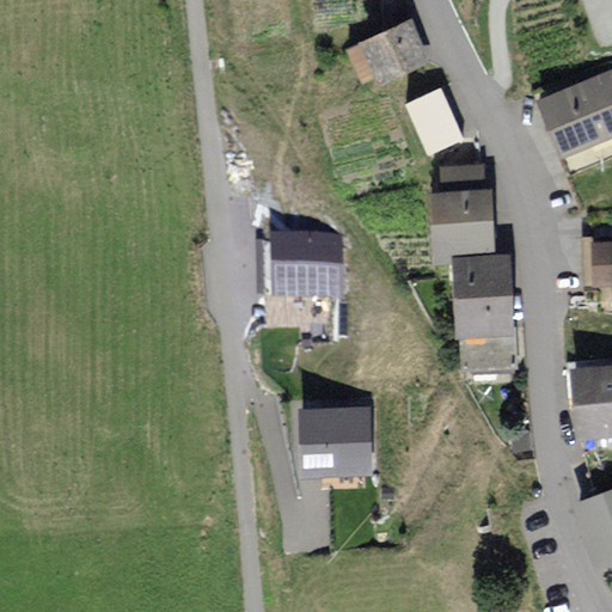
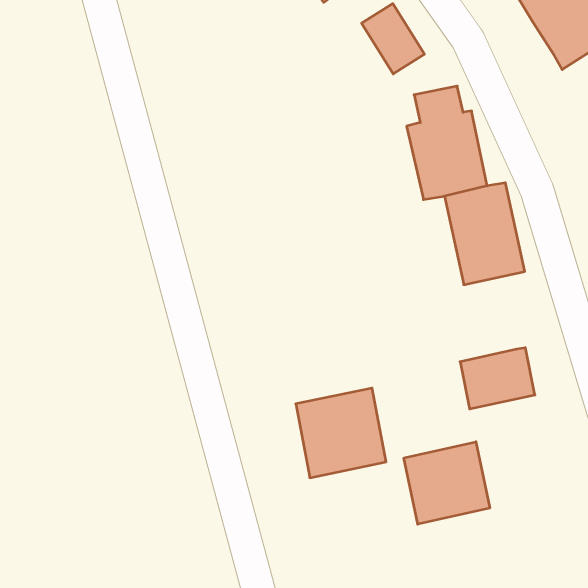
building: [268,237,338,298] -> none
building: [463,330,520,373] -> [460,348,535,409]
building: none -> [404,442,490,524]

